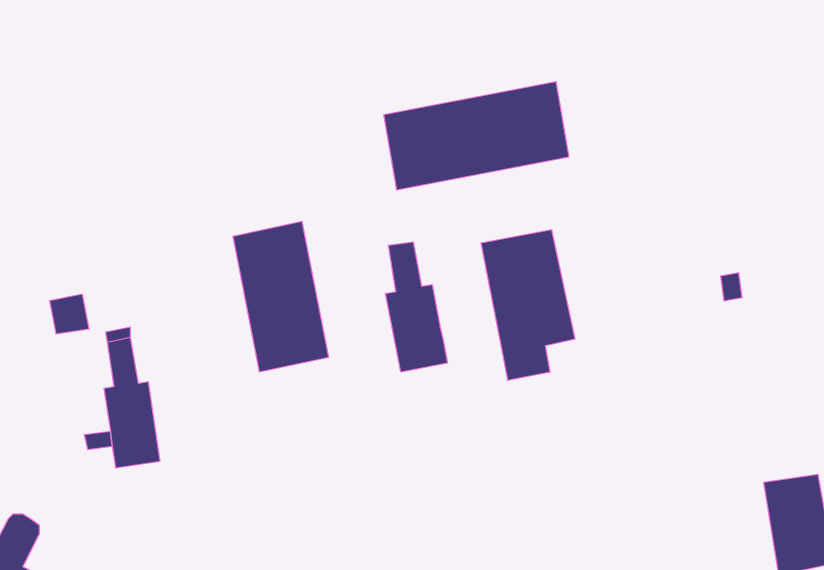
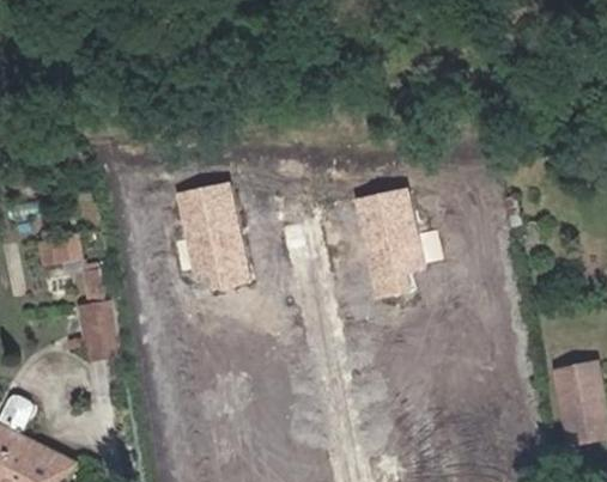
building: [384,81,569,190] -> none
building: [386,242,447,372] -> none

